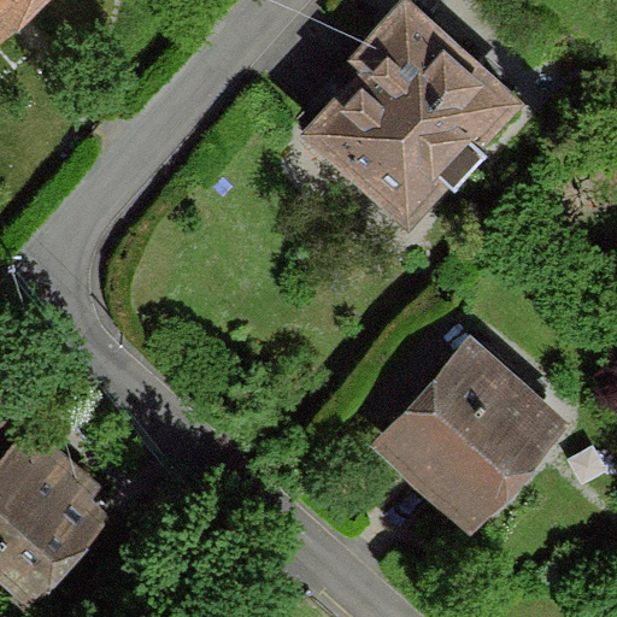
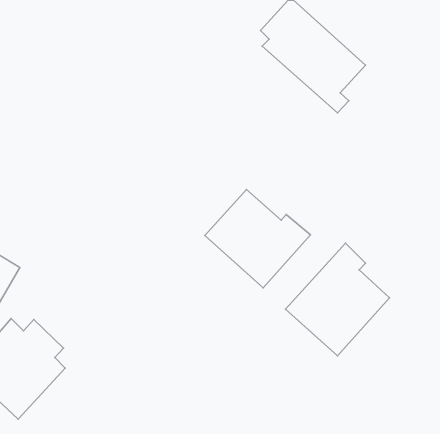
building: [313,77,469,215] -> none
building: none -> [205,189,310,288]

